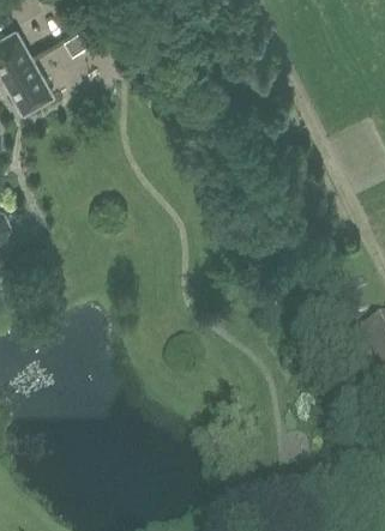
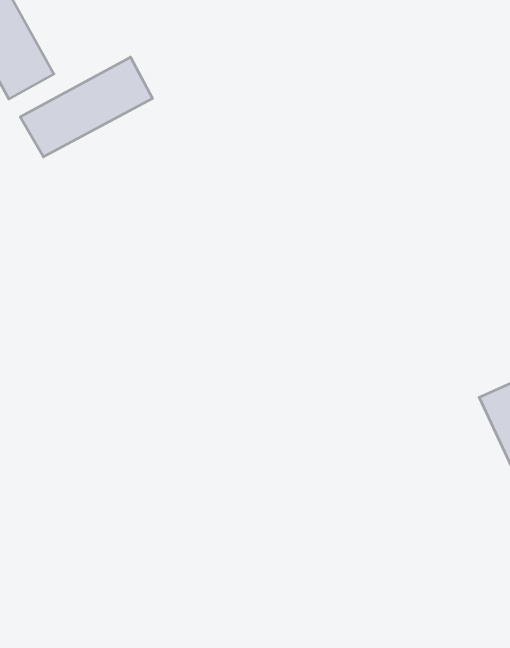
building: none -> [20,57,152,157]

